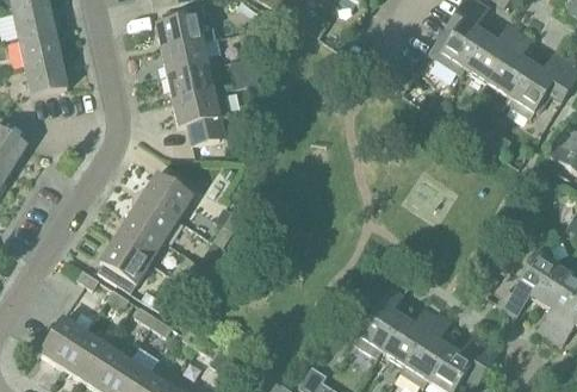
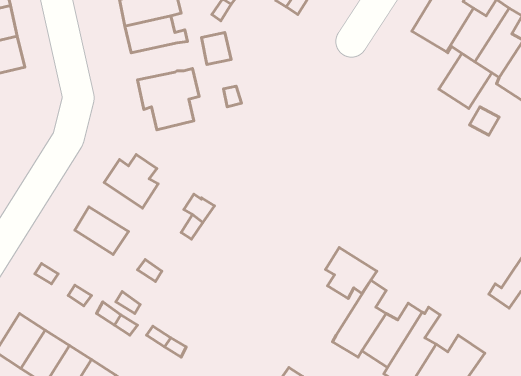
building: [166,63,221,99] -> none
building: none -> [439,54,492,109]
building: [126,194,176,239] -> none
building: [99,238,149,284] -> none
building: none -> [325,247,377,298]

